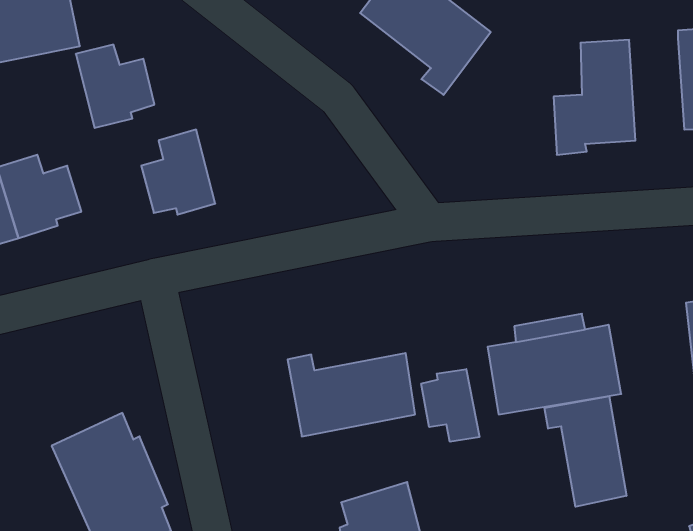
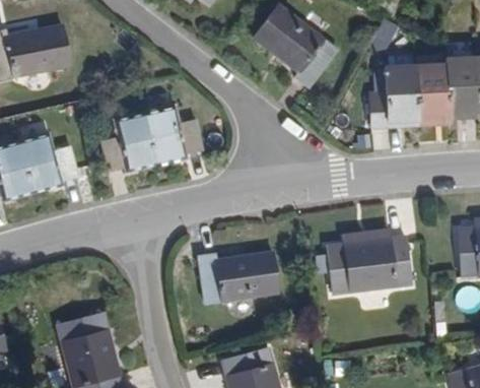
building: none -> [425,57,461,123]
building: [76,45,154,128] -> [146,110,197,164]
building: [421,369,479,442] -> none
building: [545,396,626,507] -> none

